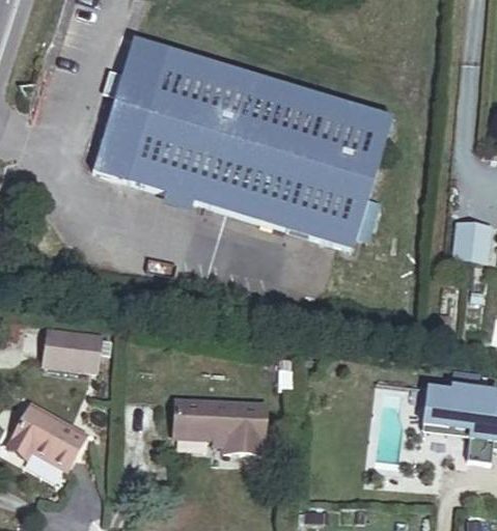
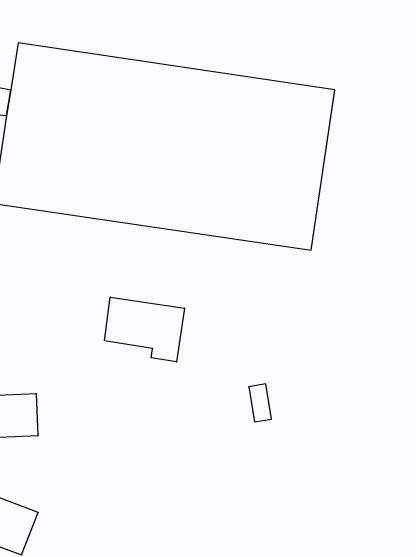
building: none -> [105,297,185,362]
building: [176,397,267,451] -> none

